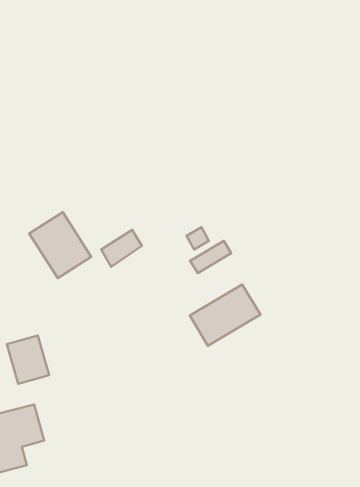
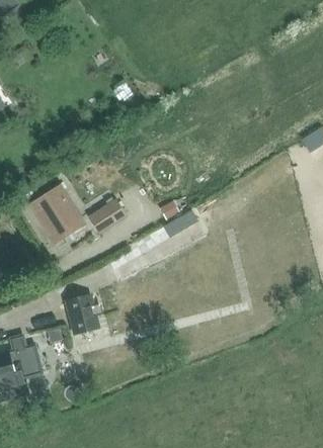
building: [190,284,260,346] -> none
building: [7,335,49,384] -> [64,294,98,334]

